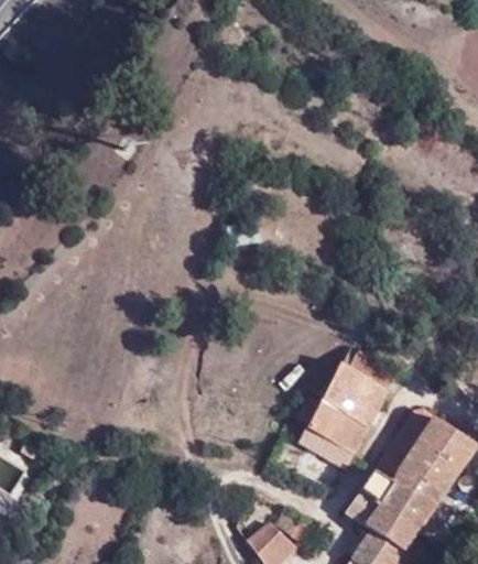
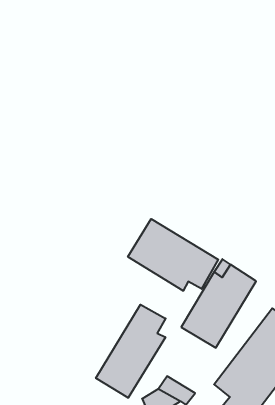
building: none -> [128,219,218,291]
building: none -> [96,305,166,398]

